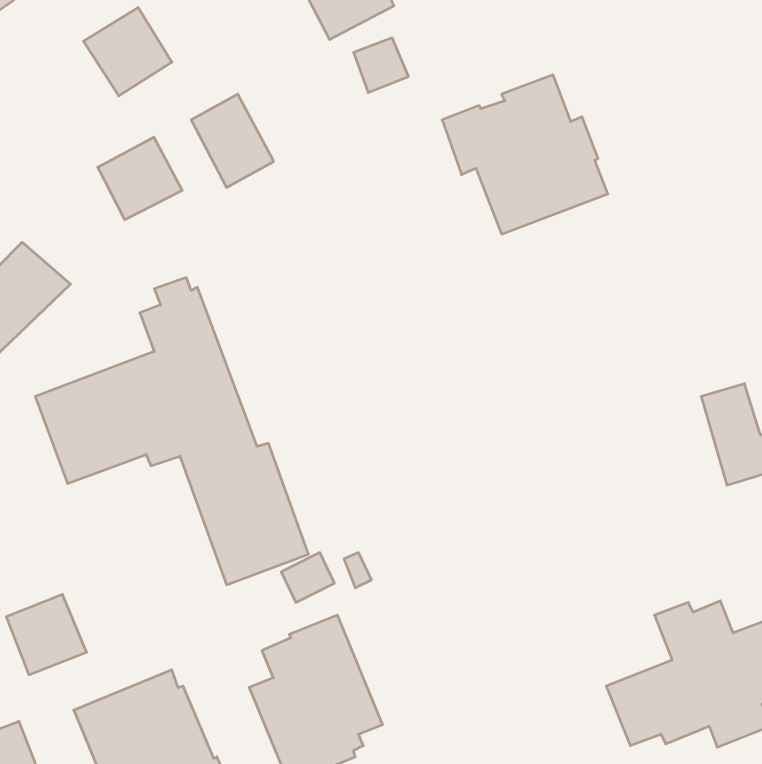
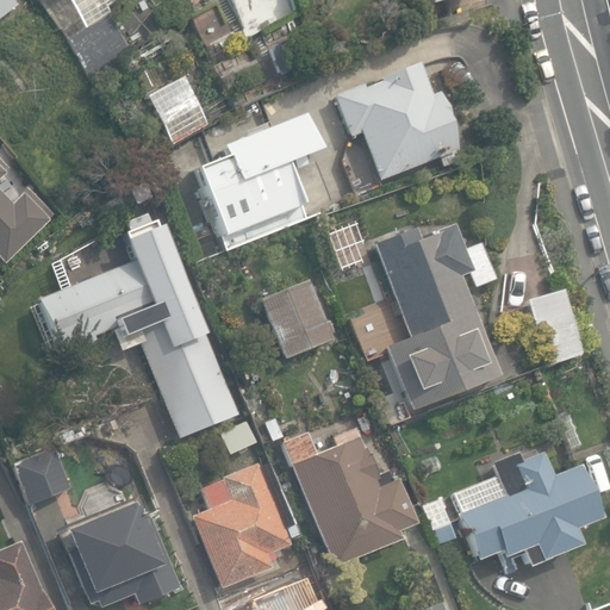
building: [98,137,182,220] -> none
building: none -> [193,112,317,253]
building: none -> [374,225,500,409]
building: none -> [262,279,335,357]
building: none -> [282,427,417,565]

